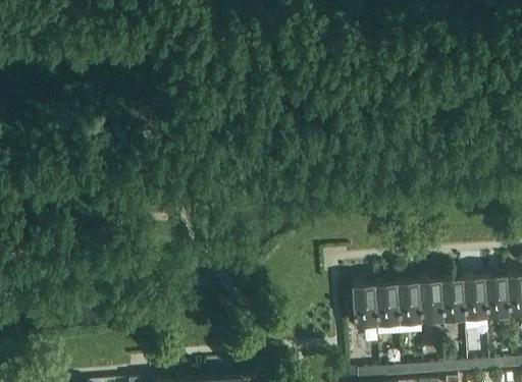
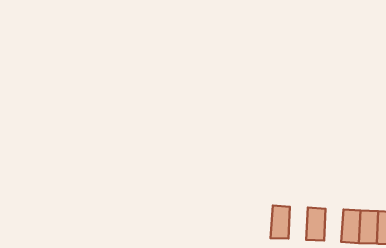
building: [439,279,464,321] -> none
building: [395,282,420,324] -> none
building: [351,285,375,327] -> none

